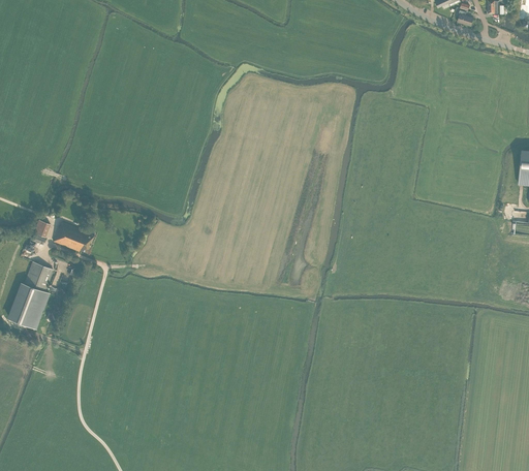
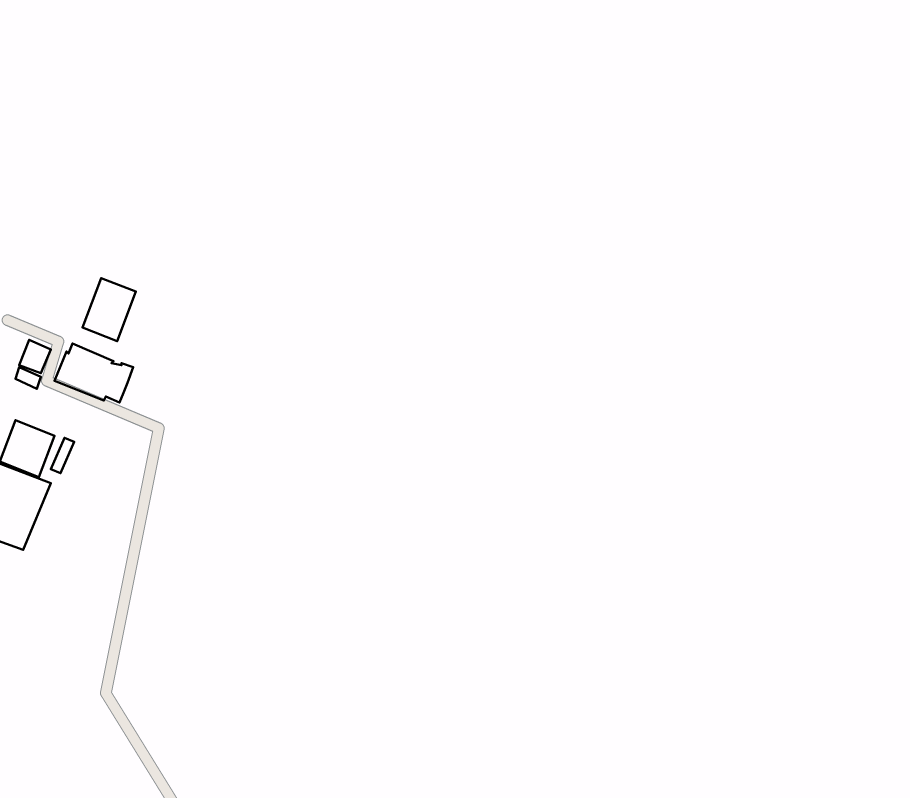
building: none -> [82,278,136,341]

